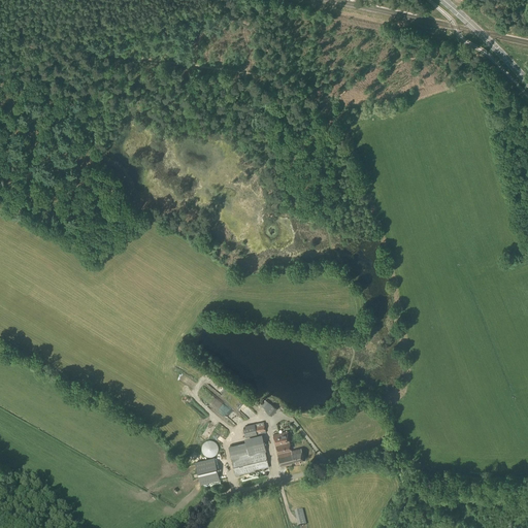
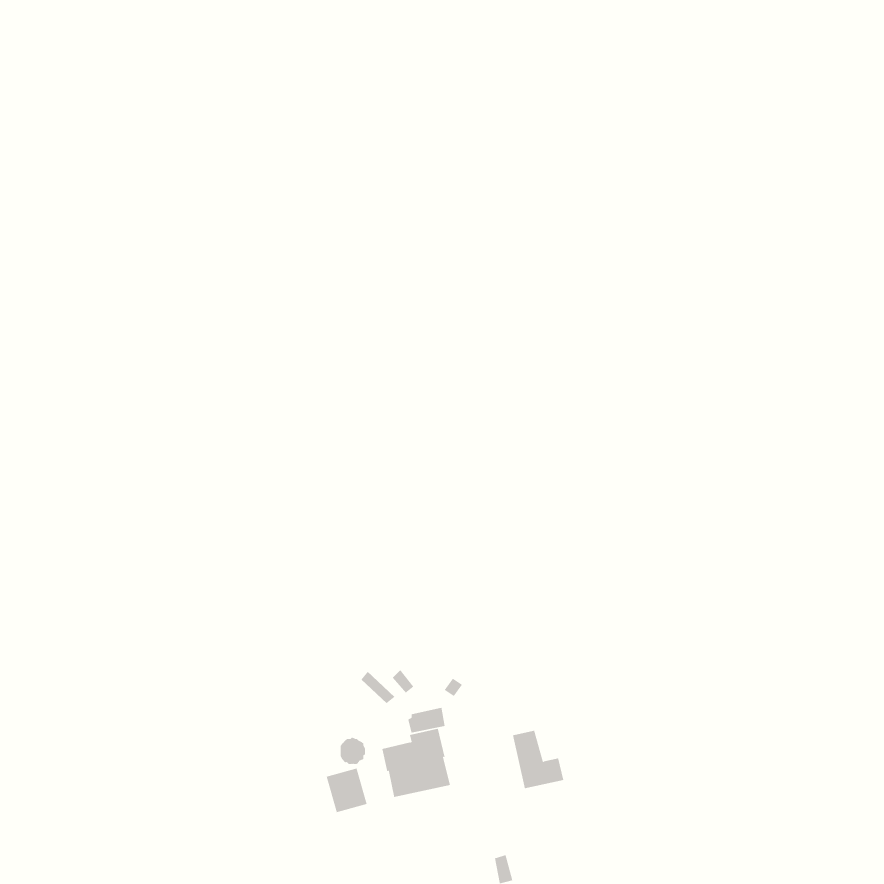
building: [272,431,303,466] -> [512,730,564,789]

